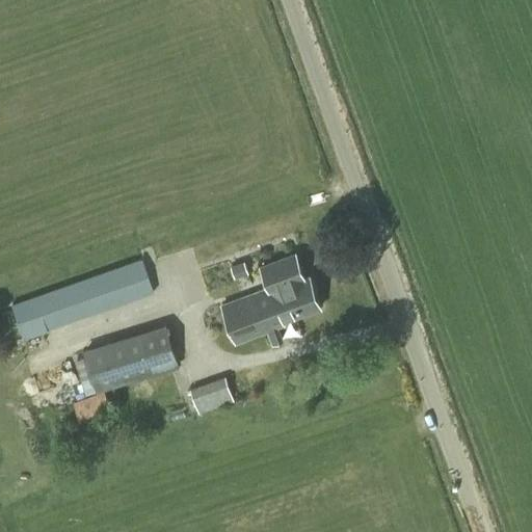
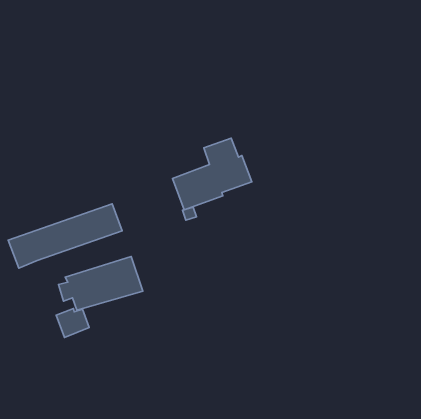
building: [220,256,320,346] -> [172,138,252,210]
building: [189,378,234,415] -> none

